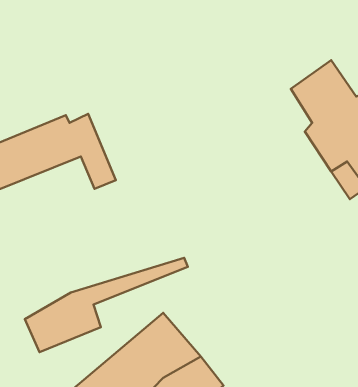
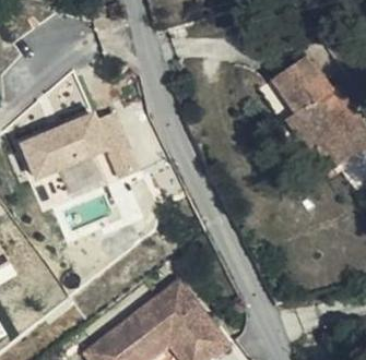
building: [25,258,188,352] -> none

